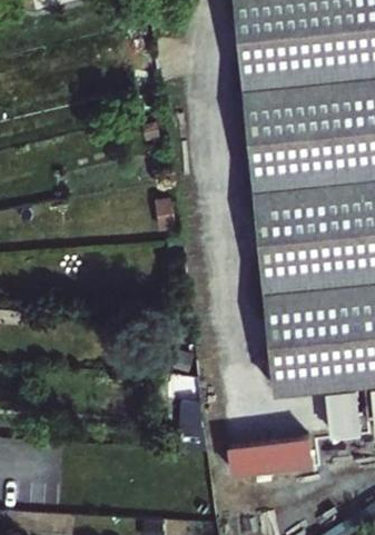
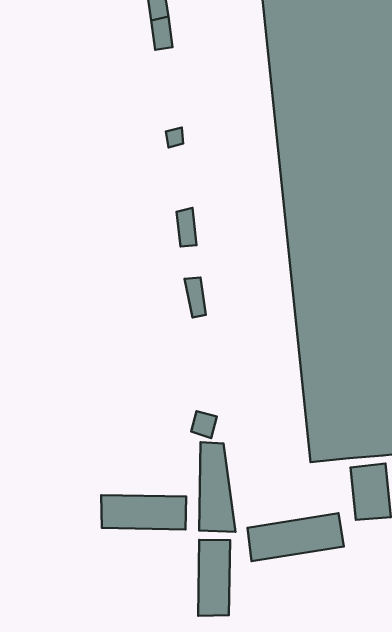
building: none -> [101,495,186,529]
building: none -> [198,540,230,616]

